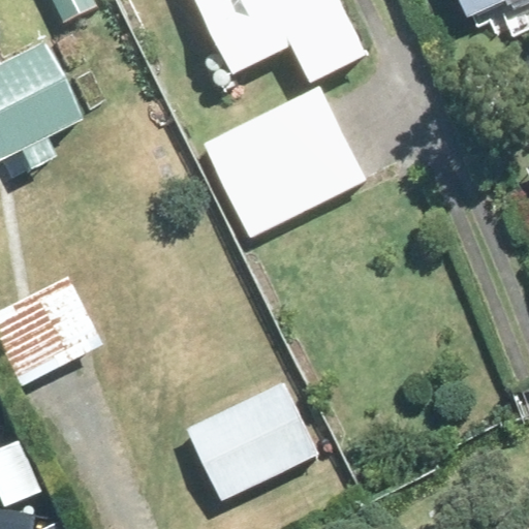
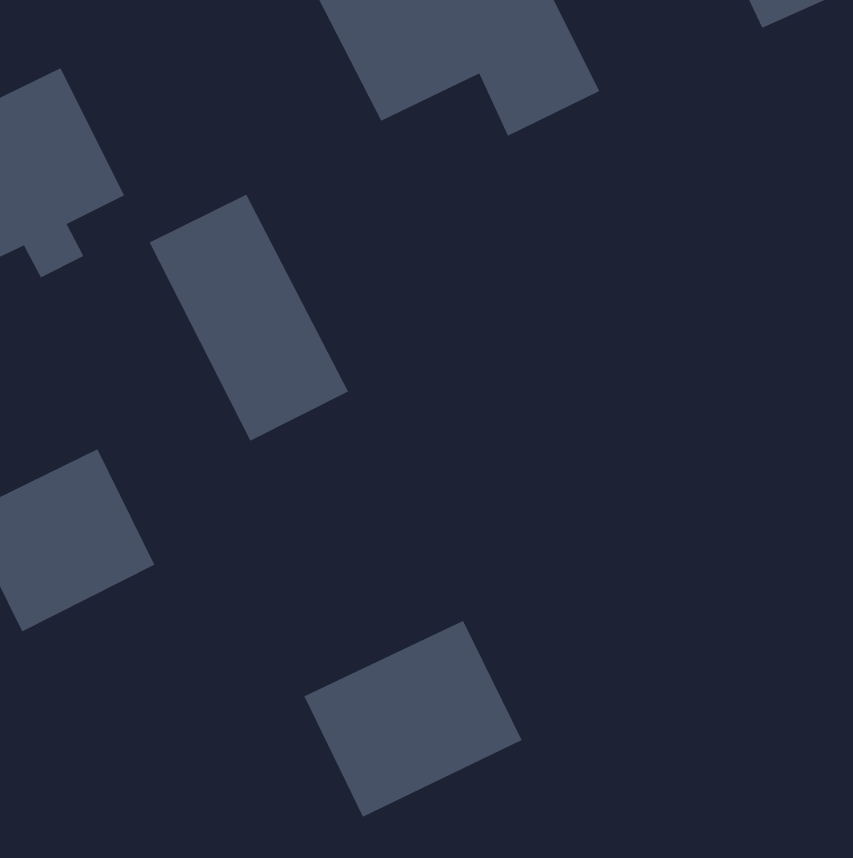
building: [205,89,365,239] -> none
building: none -> [149,194,349,442]

